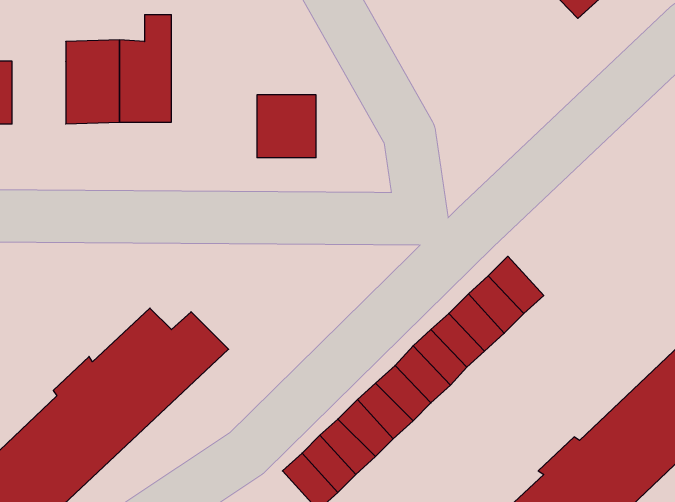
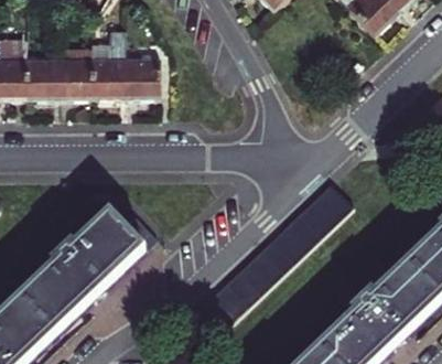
building: none -> [24,58,57,97]
building: [257,95,316,158] -> [122,57,159,96]

